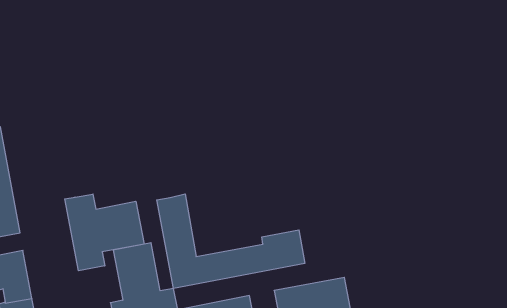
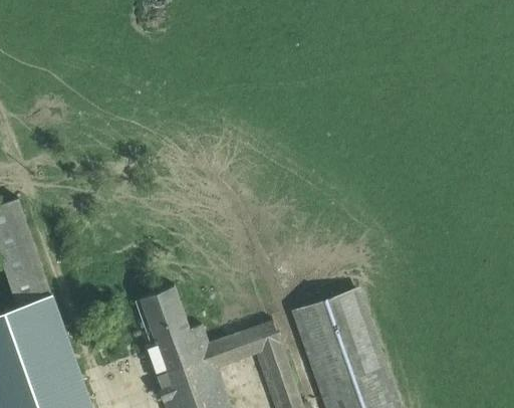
building: [157,194,305,288] -> none
building: [65,194,144,271] -> none

